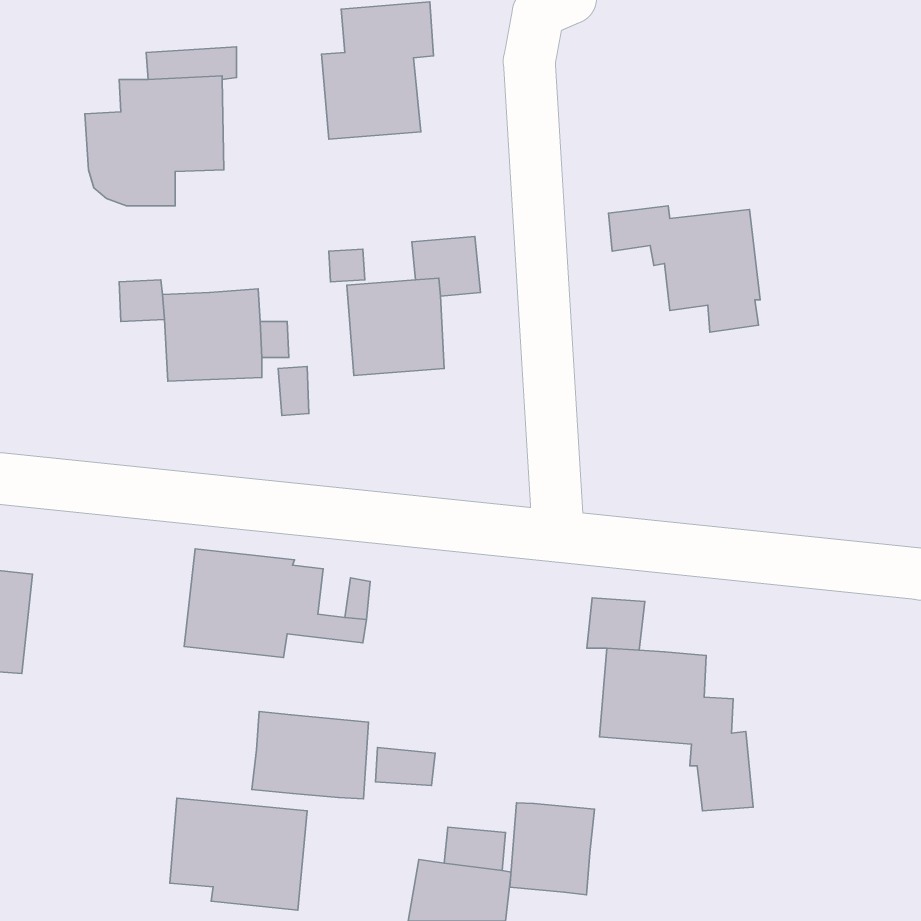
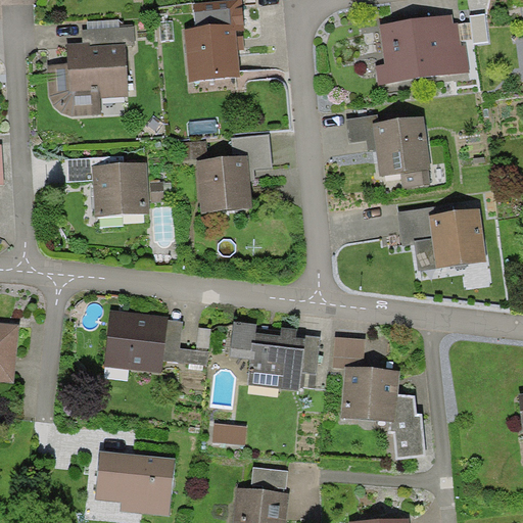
building: none -> [376,17,470,83]
building: none -> [395,206,485,269]
building: none -> [231,322,320,389]
building: [252,711,369,799] -> none
building: [510,803,595,895] -> none

